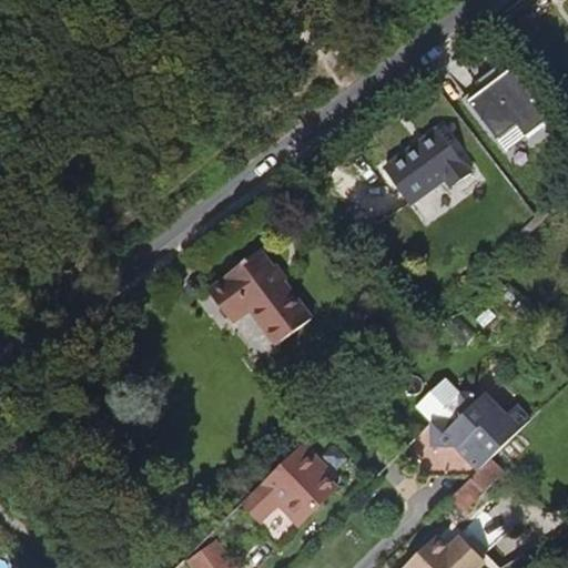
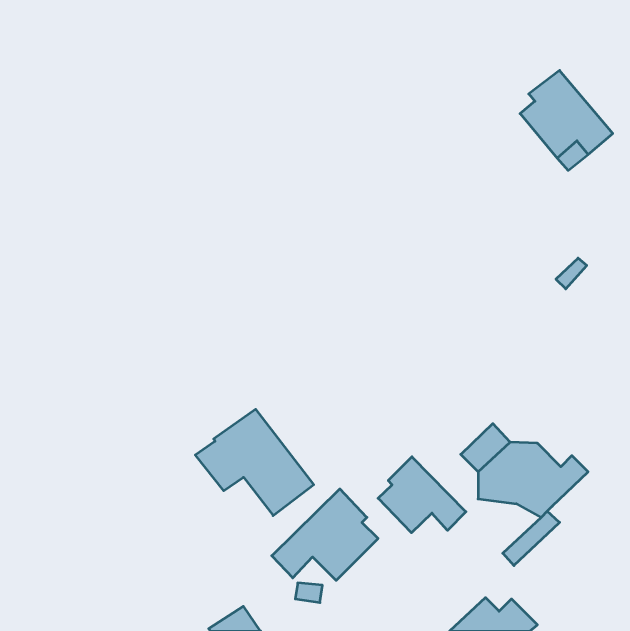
building: [384,129,471,206] -> none
building: [207,250,314,345] -> [195,409,314,516]
building: none -> [378,457,466,533]

